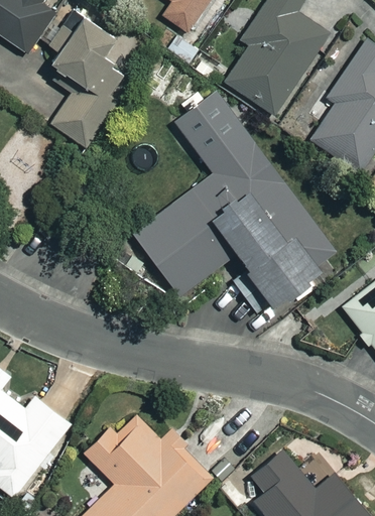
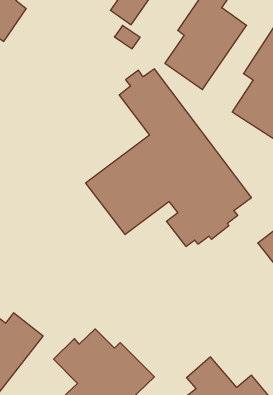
building: [43,8,121,148] -> none

